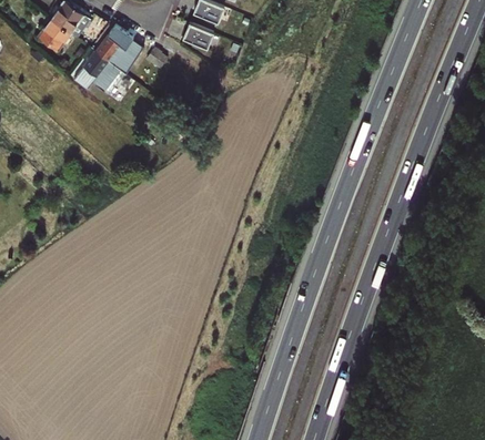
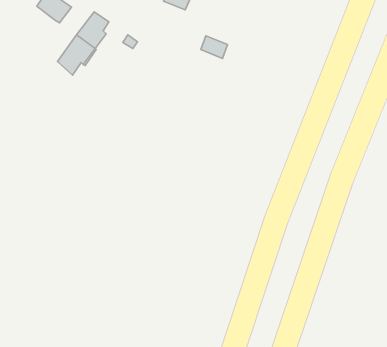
building: [38,19,71,52] -> none
building: [183,23,213,49] -> [201,36,228,58]

